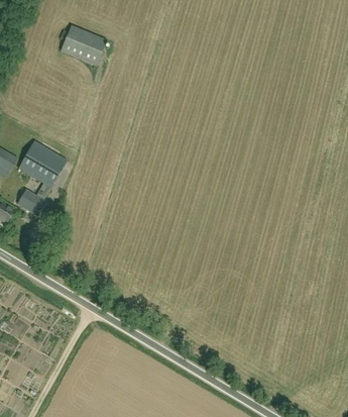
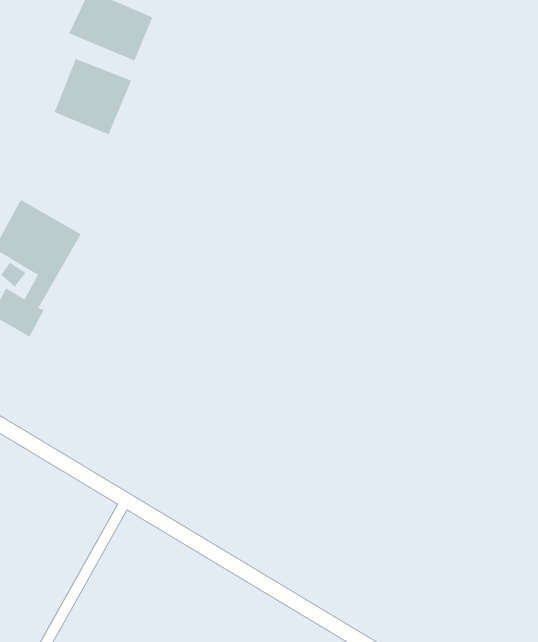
building: none -> [54,58,132,135]

